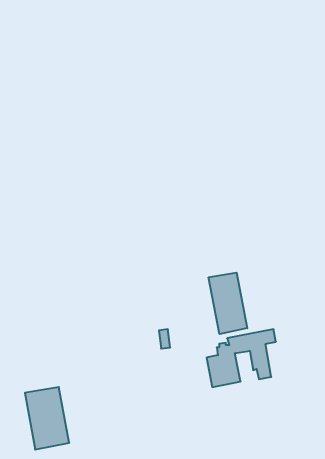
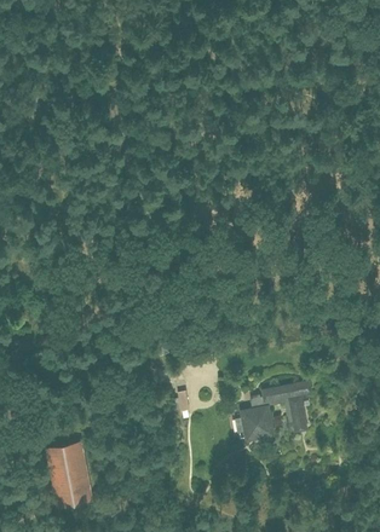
building: [209,273,247,334] -> none

